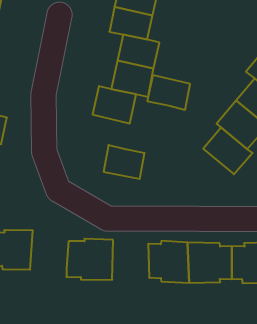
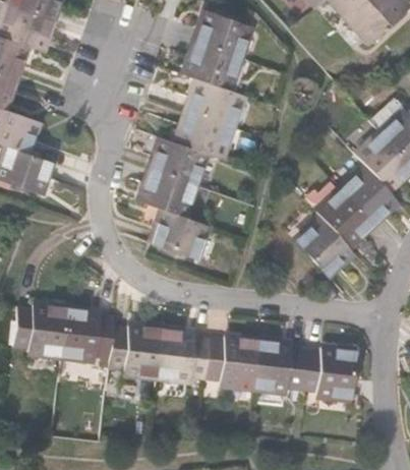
building: [147,75,190,110] -> [147,175,200,221]
building: none -> [62,307,113,359]
building: none -> [160,329,208,380]

